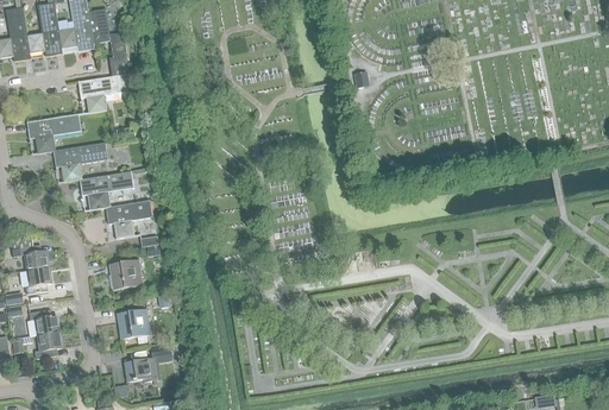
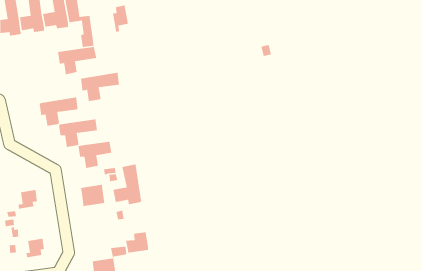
building: none -> [112,5,129,33]
building: [26,112,80,152] -> [80,72,120,102]
building: none -> [113,164,142,205]
building: [11,244,49,269] -> none
building: [29,308,58,334] -> none
building: [117,308,149,338] -> [125,231,149,254]

